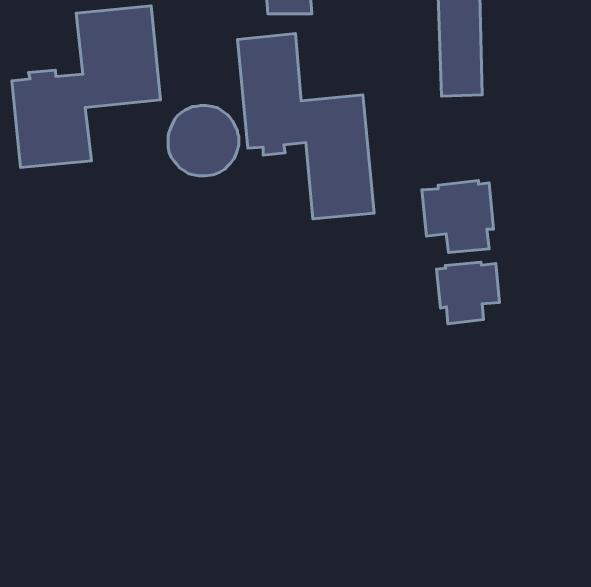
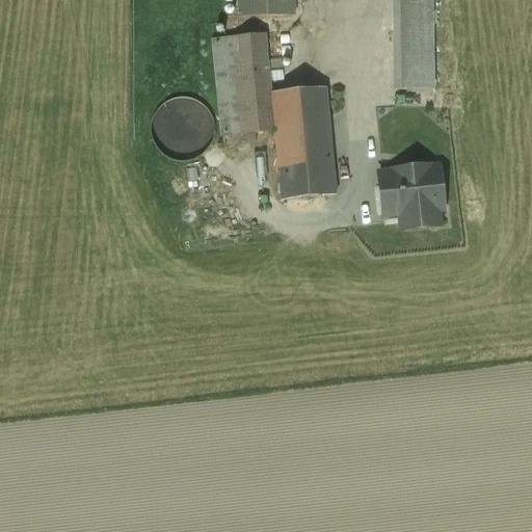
building: [12,6,160,168] -> none
building: [437,262,500,324] -> none

